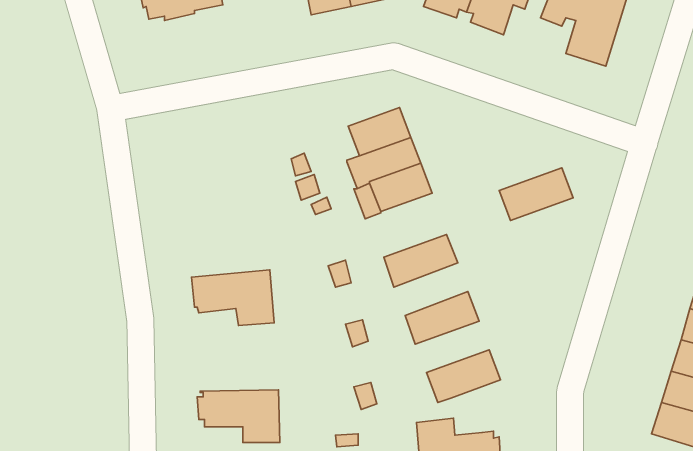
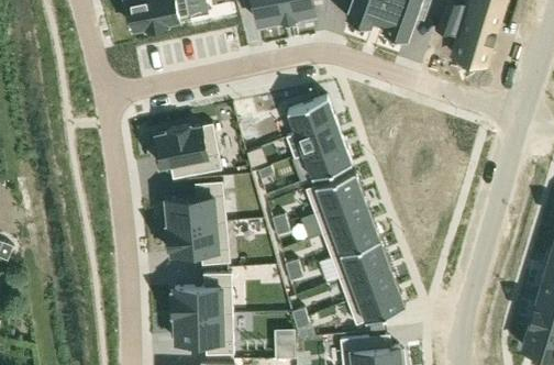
building: none -> [155,123,221,175]
building: [499,168,573,221] -> [306,170,363,211]
building: none -> [166,180,226,226]
building: none -> [322,215,379,256]
building: none -> [339,261,396,300]
building: none -> [171,273,233,314]

